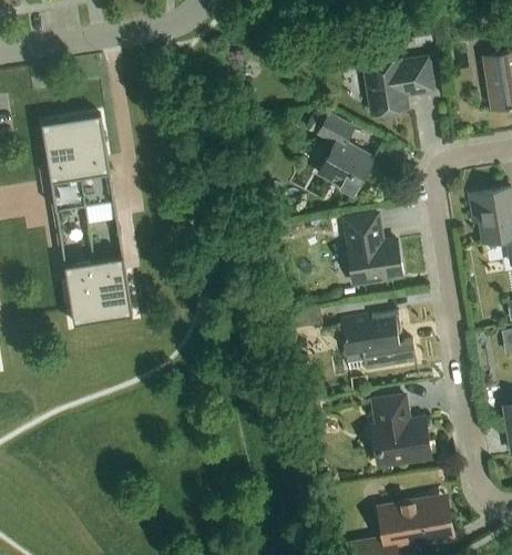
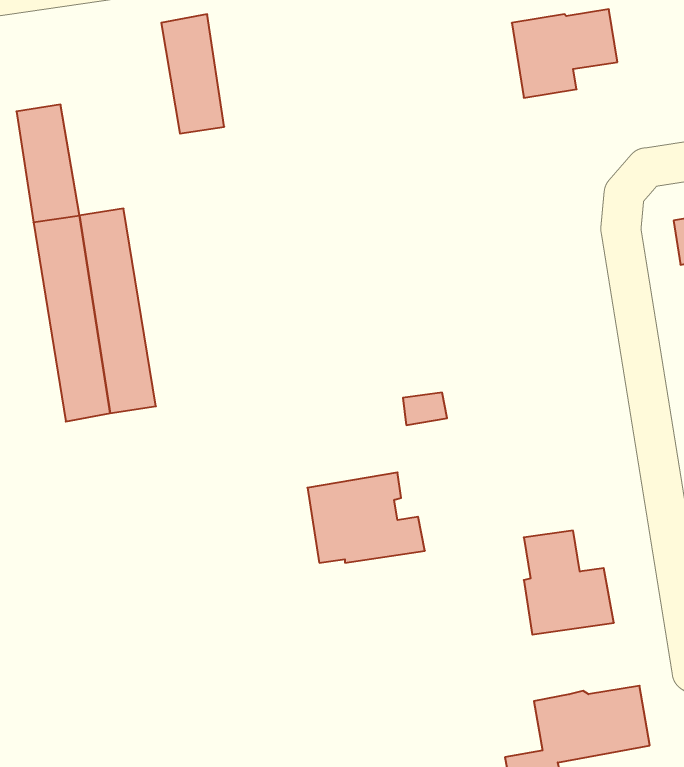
building: [70,113,111,191] -> [161,14,224,134]
building: [316,113,372,195] -> none
building: [344,214,401,284] -> none
building: [339,310,416,369] -> [307,472,425,563]

